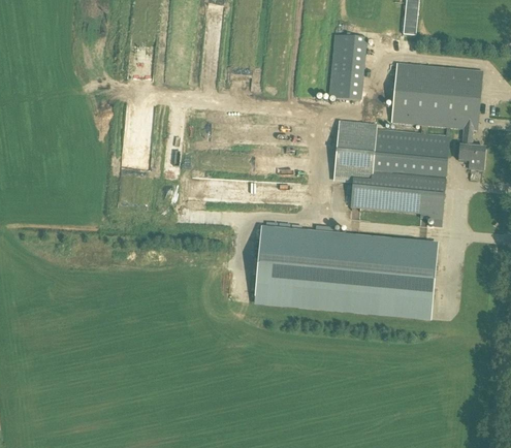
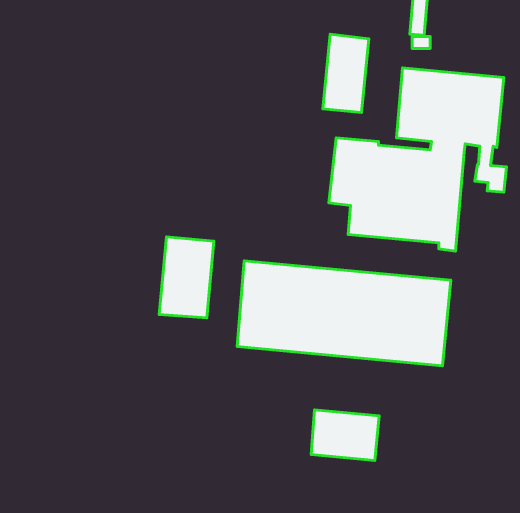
building: none -> [159,237,214,318]
building: none -> [311,410,379,460]

